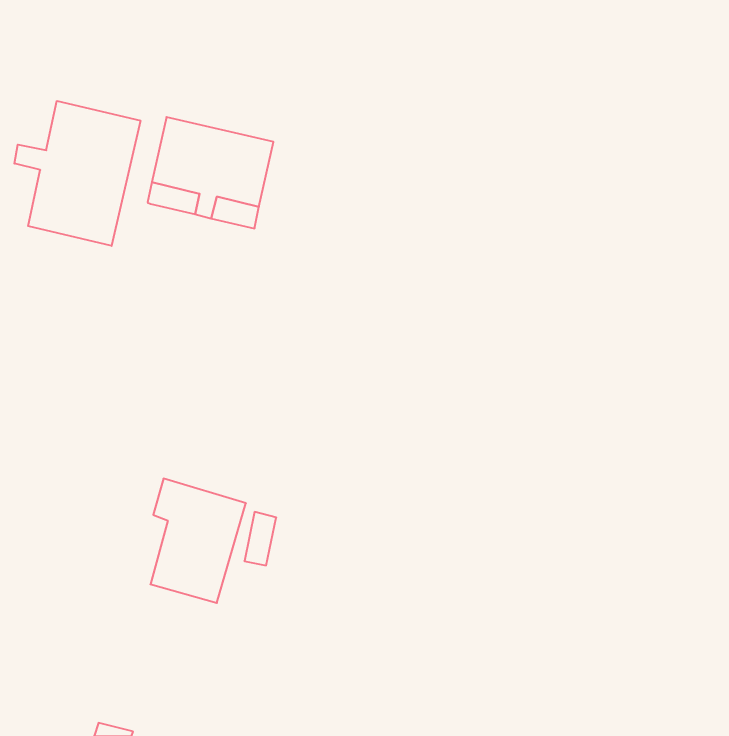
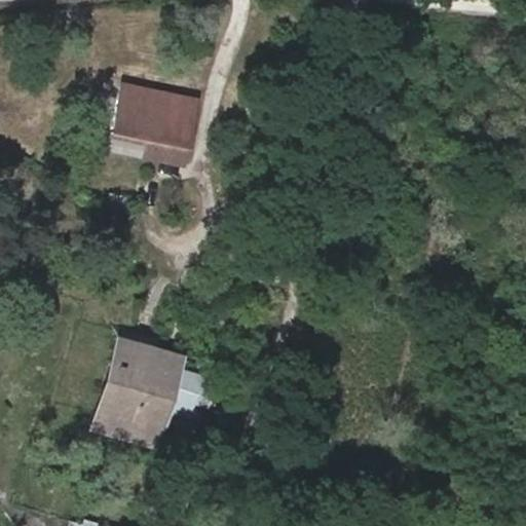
building: [14,101,140,246] -> none
building: none -> [100,366,161,442]

